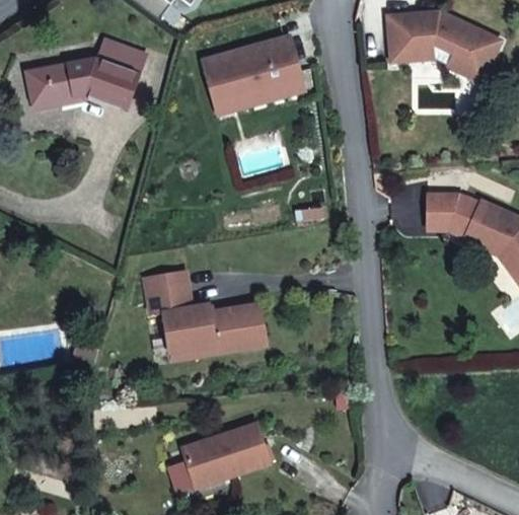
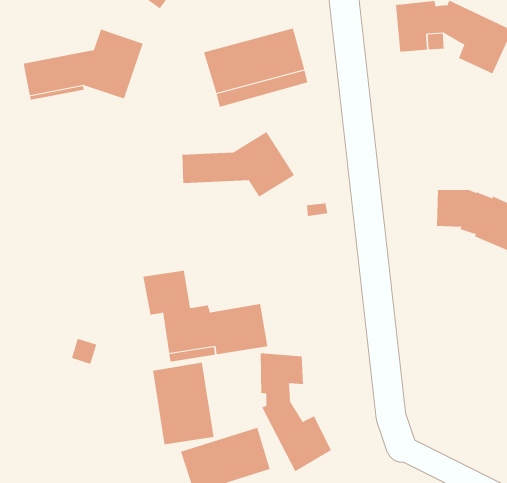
building: none -> [182,131,295,197]
building: none -> [260,353,332,472]
building: none -> [153,362,214,445]

